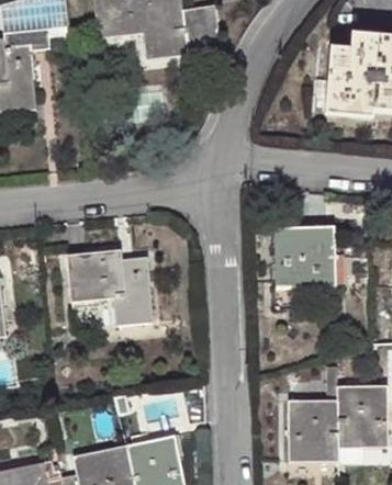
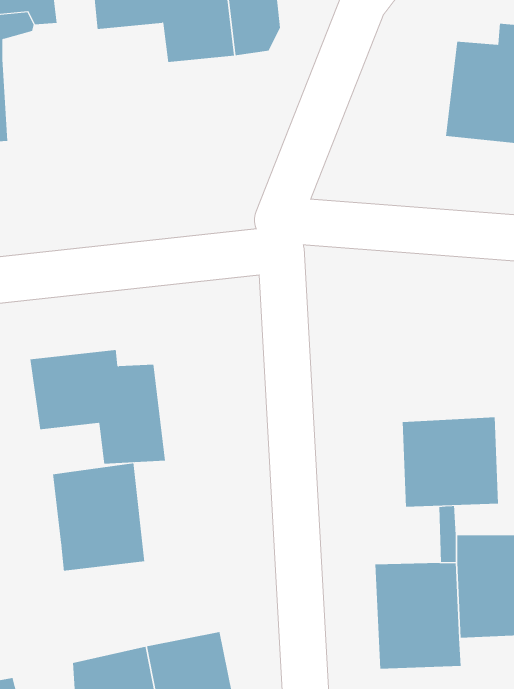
building: [272,229,337,290] -> [402,417,499,507]
building: none -> [53,463,145,571]

